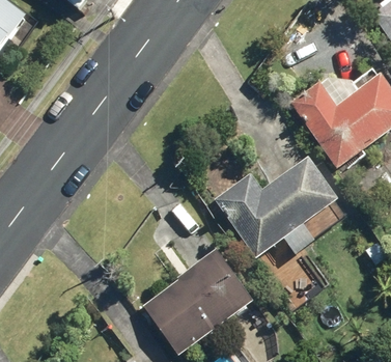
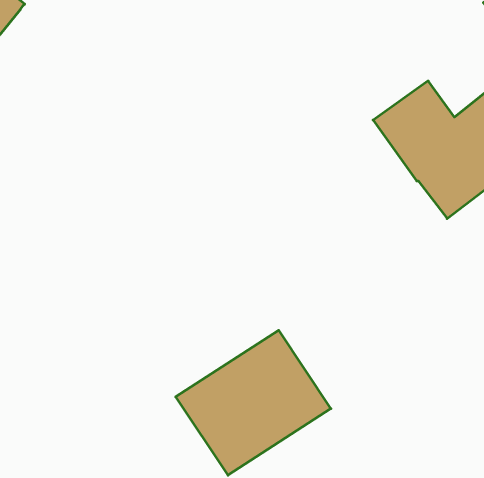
building: [227,156,336,254] -> none

